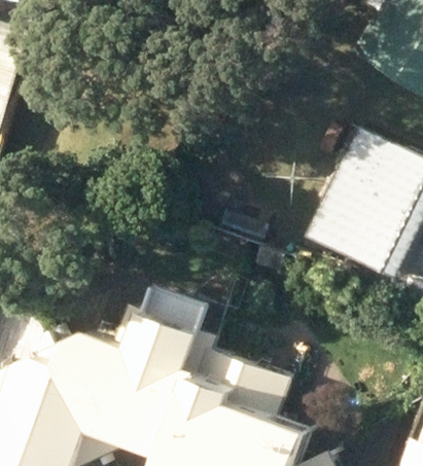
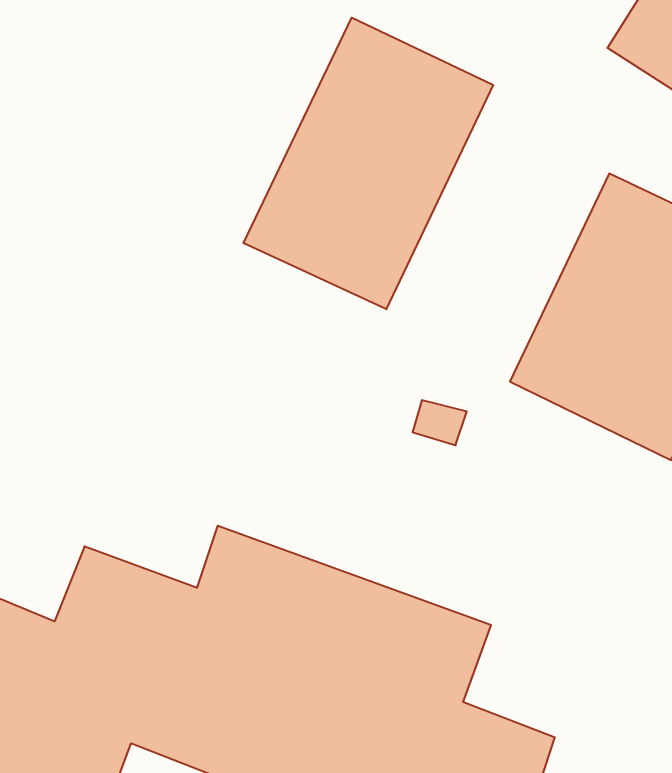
building: none -> [244,18,493,309]

